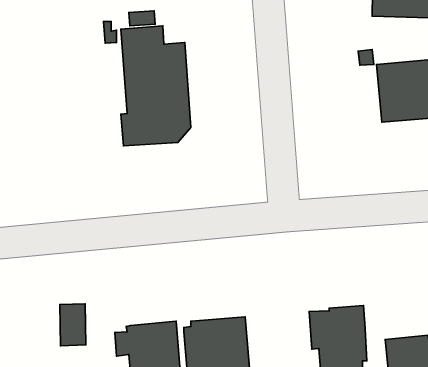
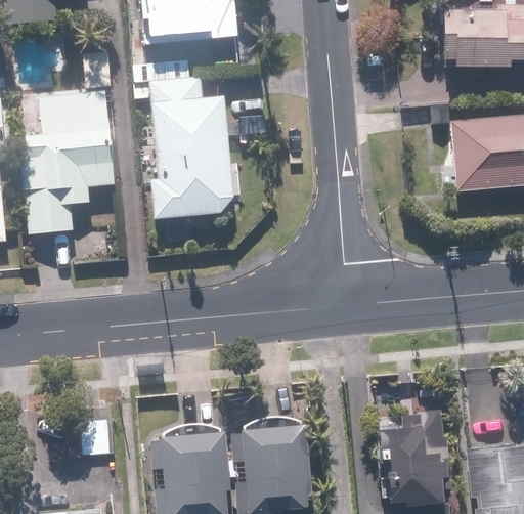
building: none -> [24,93,116,234]

